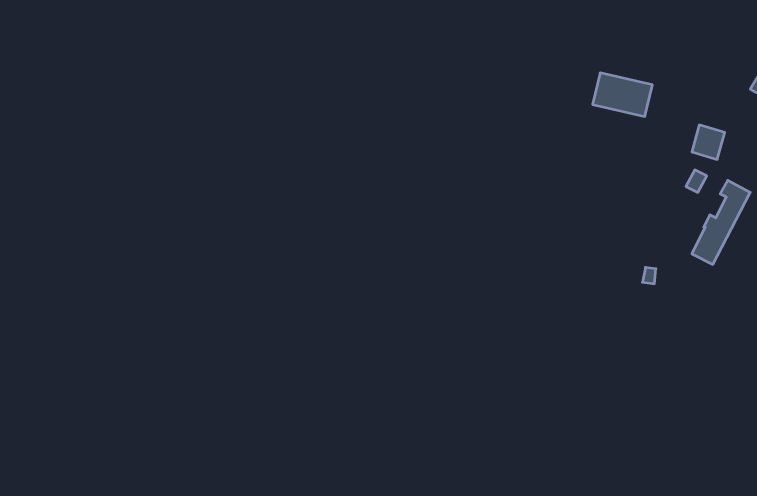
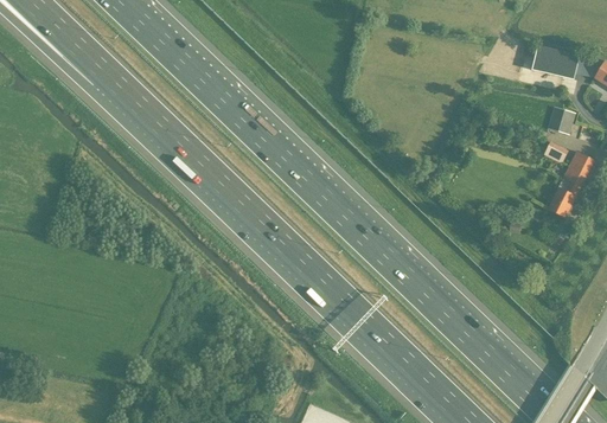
building: [593,73,652,116] -> [532,44,580,78]

